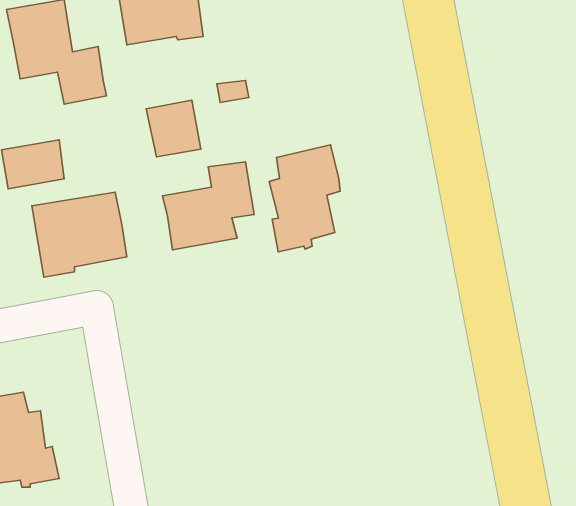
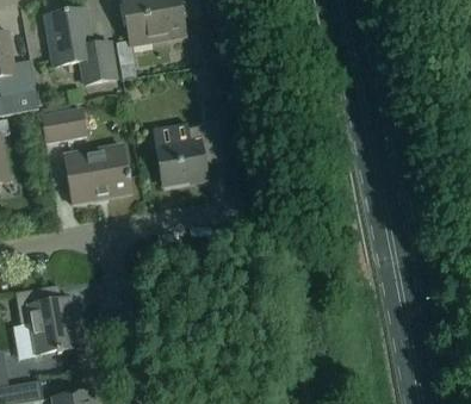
building: [146,100,201,157] -> none
building: [269,145,340,252] -> none

